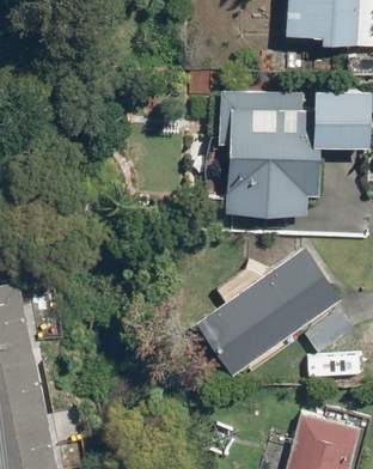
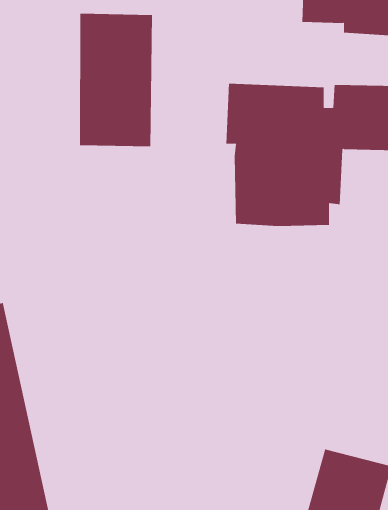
building: none -> [79,13,153,147]
building: [194,245,342,376] -> none

